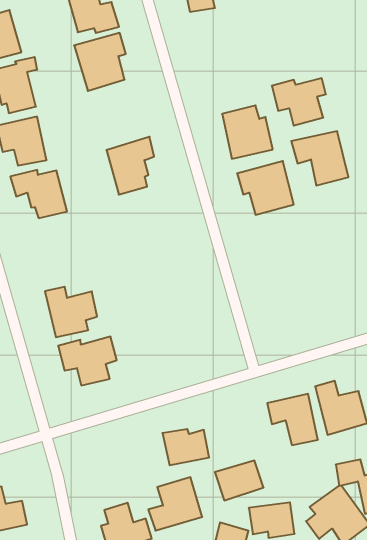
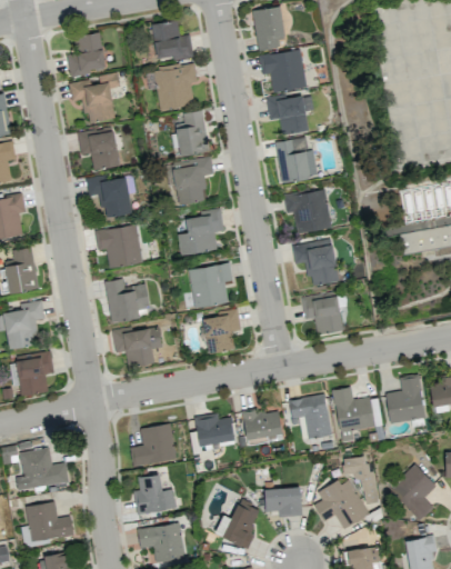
building: none -> [260,50,305,91]
building: [272,78,326,126] -> [267,94,313,134]
building: none -> [177,110,209,156]
building: [291,131,348,186] -> [292,240,339,286]
building: none -> [178,210,224,254]
building: none -> [96,224,143,268]
building: none -> [189,263,232,308]
building: none -> [302,292,342,335]
building: none -> [203,311,241,353]
building: [215,460,264,500] -> [242,408,283,440]
building: [148,477,202,531] -> [130,423,177,467]

